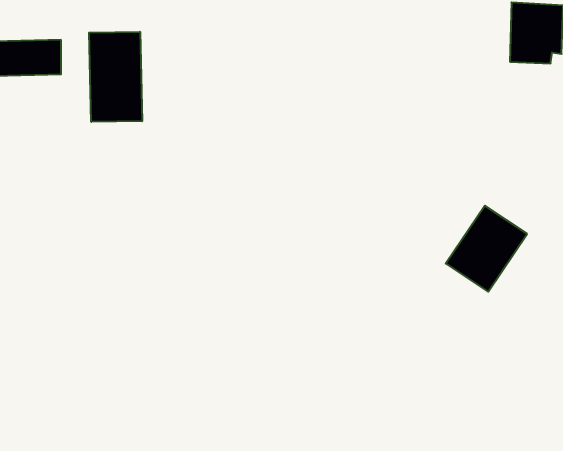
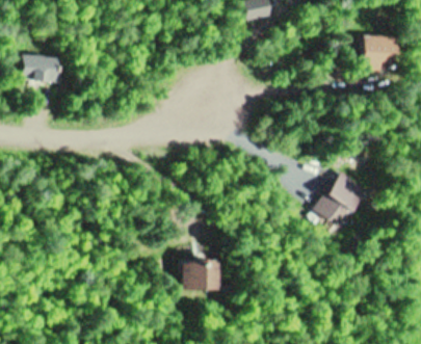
building: [89,32,142,122] -> none
building: none -> [182,260,221,289]

